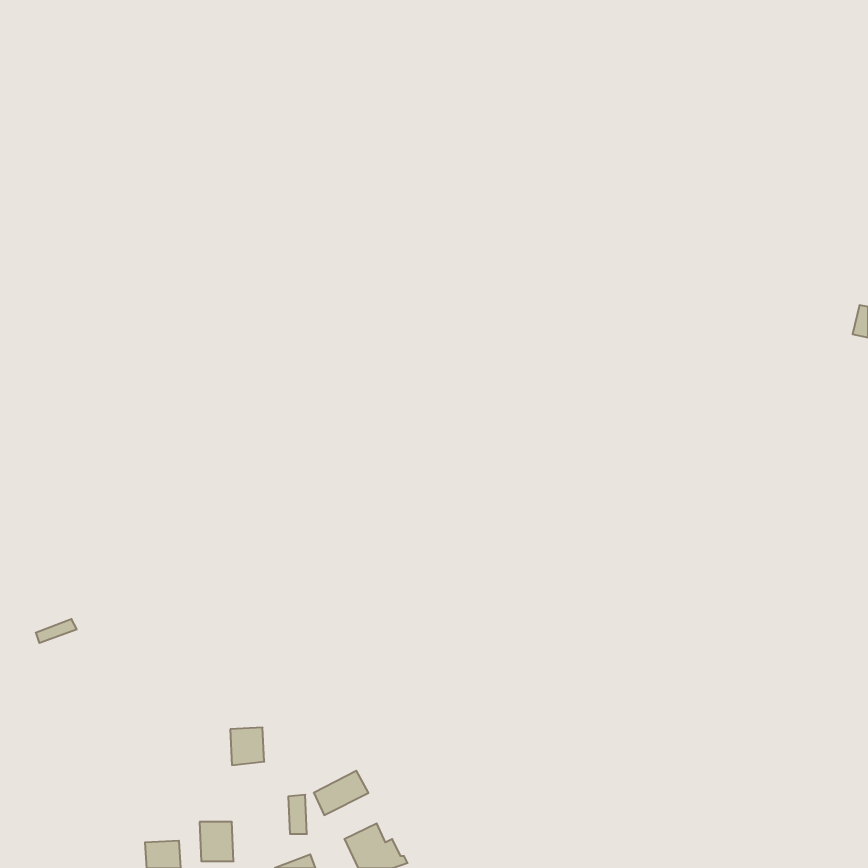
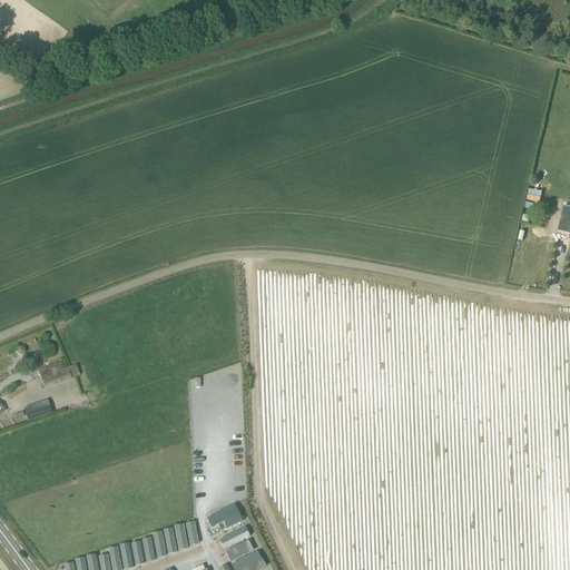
building: none -> [36,360,78,389]
building: [230,728,264,765] -> [165,527,187,551]

